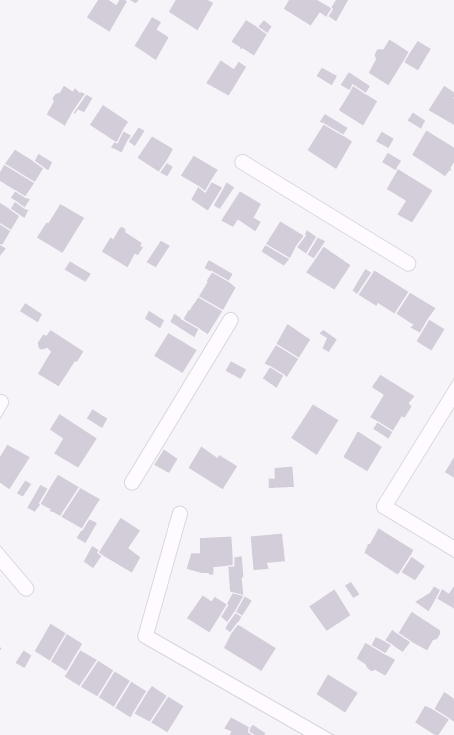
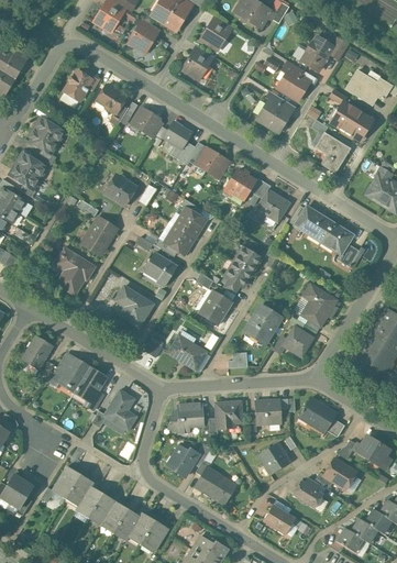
building: [36,203,85,254] -> [80,218,117,255]
building: none -> [200,290,231,325]
building: [49,413,98,468] -> [117,286,153,327]
building: none -> [254,399,280,424]

